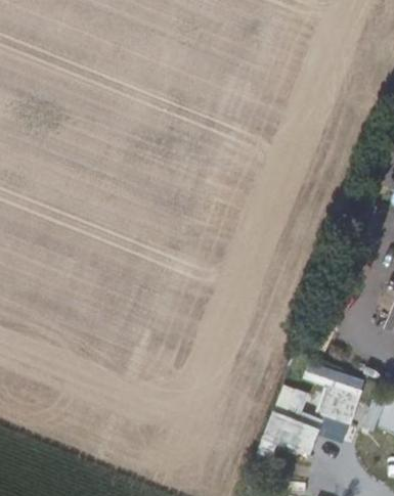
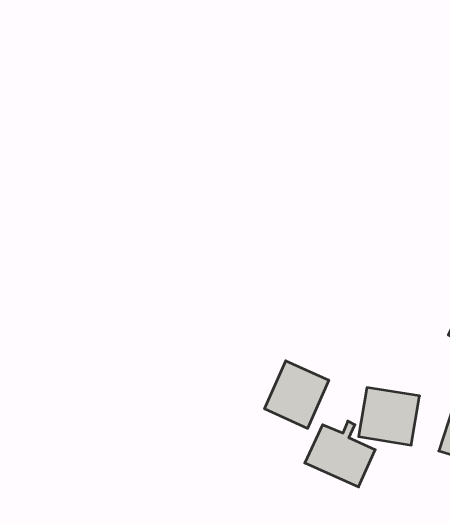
building: none -> [265,361,329,428]

